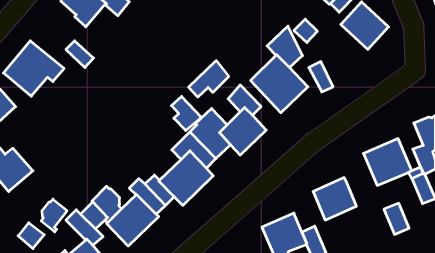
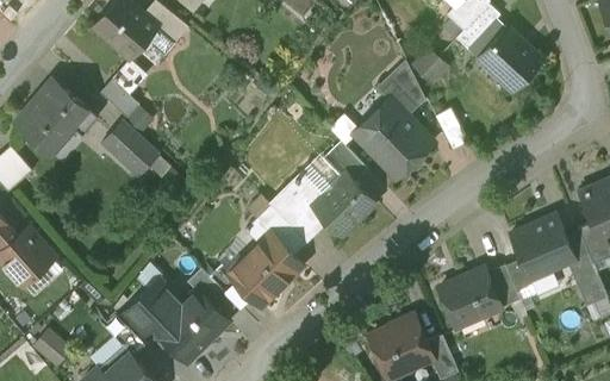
building: [189,61,229,97] -> none
building: none -> [101,119,151,169]
building: [171,96,202,131] -> none
building: [41,199,67,232] -> none
building: [384,203,409,234] -> [485,264,519,307]

